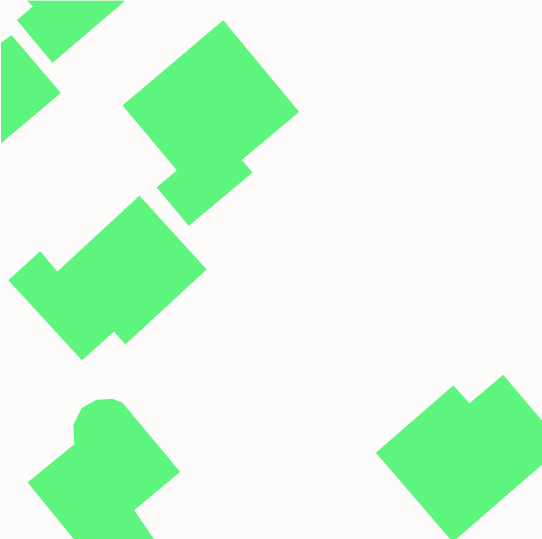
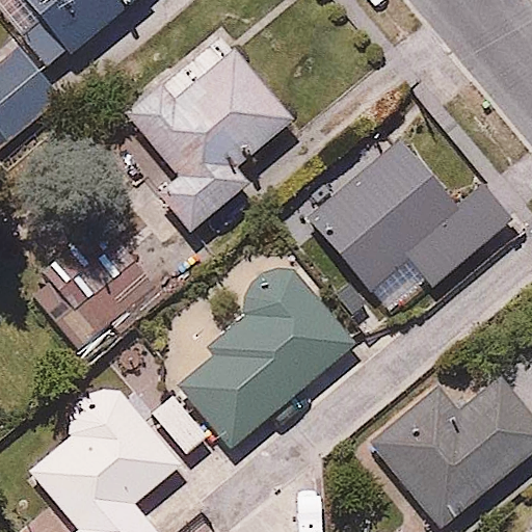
building: none -> [301,114,521,309]
building: none -> [151,261,357,458]

